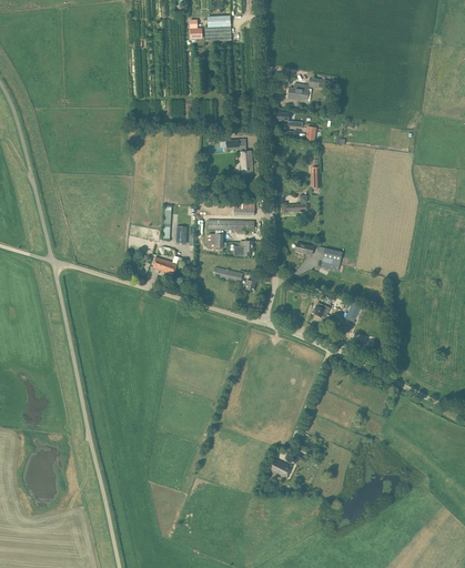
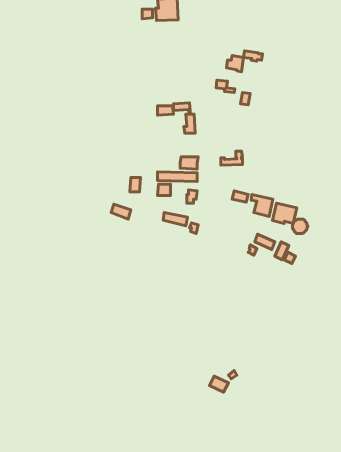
building: none -> [273,203,297,224]

